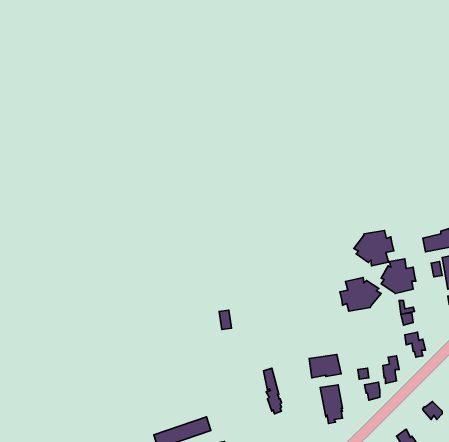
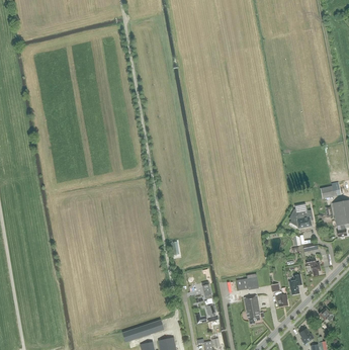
building: [354,230,394,266] -> none
building: [340,278,381,311] -> none

